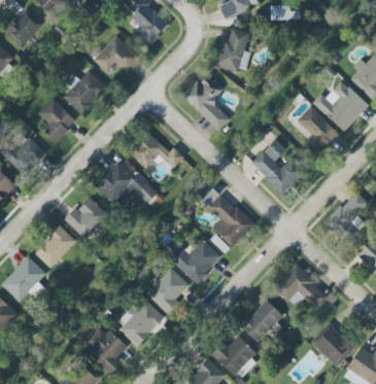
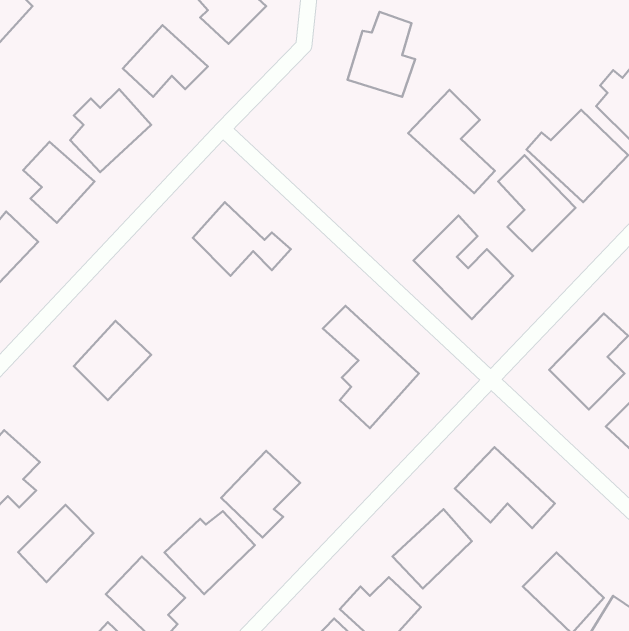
building: [182,73,230,130] -> [408,90,495,193]
building: [95,162,163,209] -> none
building: [34,225,75,268] -> [18,505,94,582]
building: [166,239,220,282] -> none

